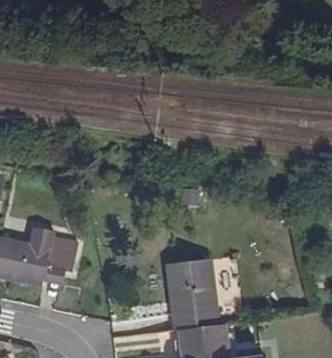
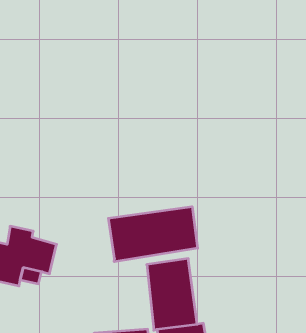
building: none -> [108,207,198,262]

